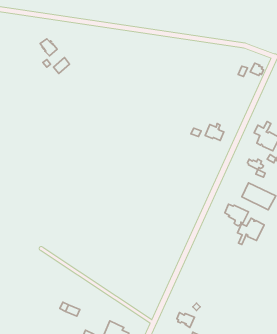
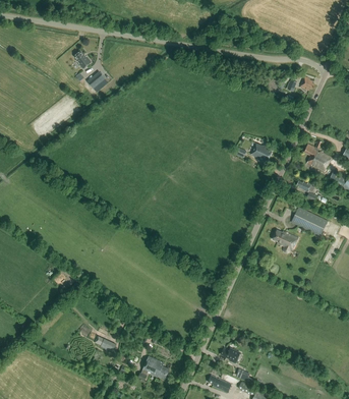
building: [237,218,264,245] -> none

